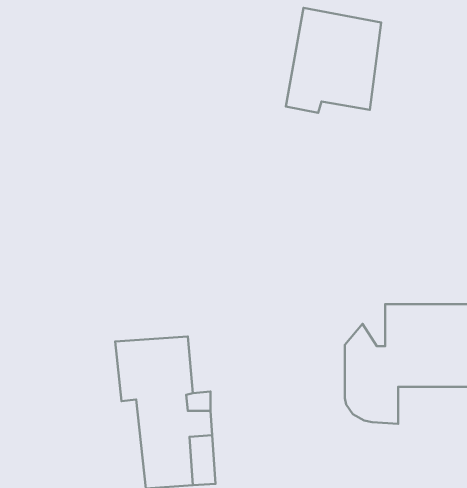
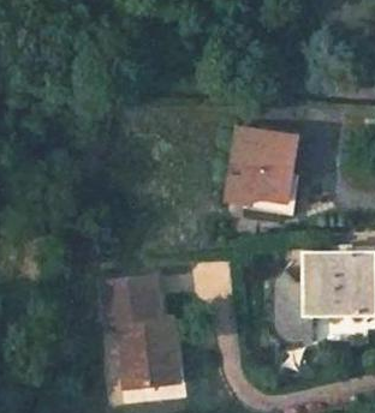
building: [286,8,381,113] -> [225,124,296,202]

